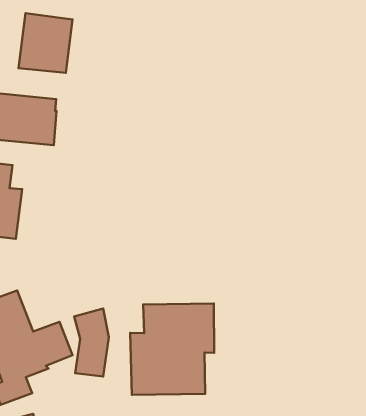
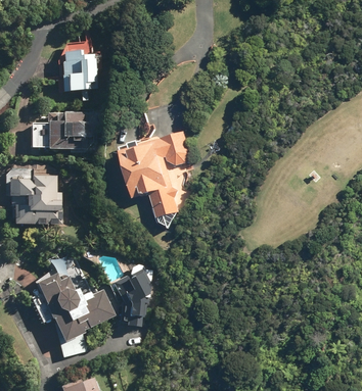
building: none -> [118,126,192,218]
building: [130,303,214,395] -> none

